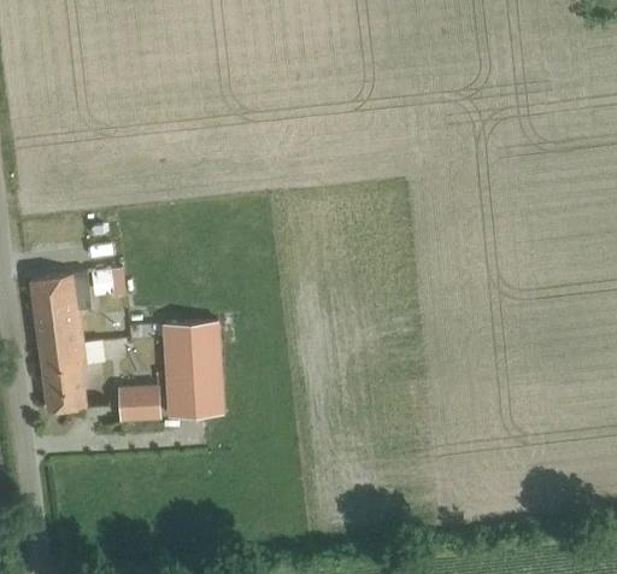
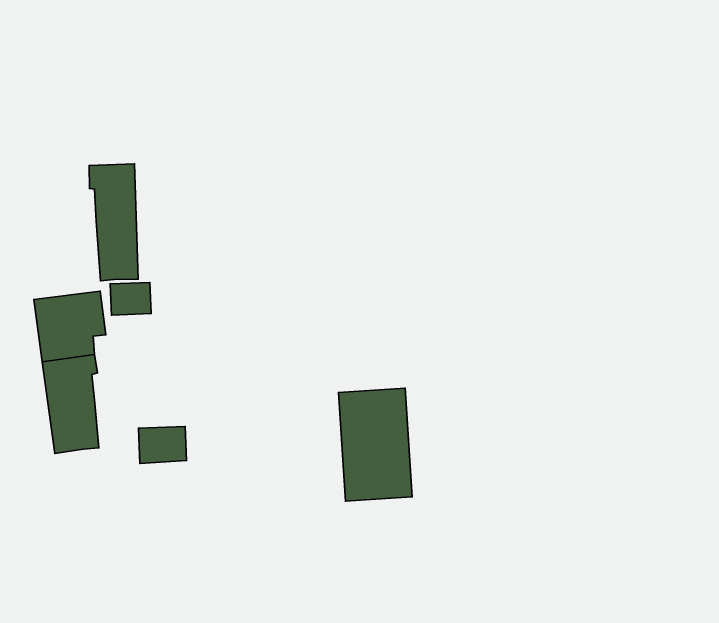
building: none -> [89,164,138,281]
building: [161,323,224,420] -> [339,388,412,501]

